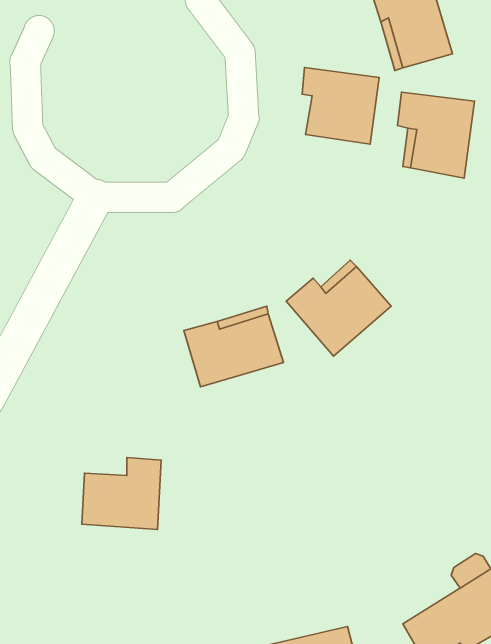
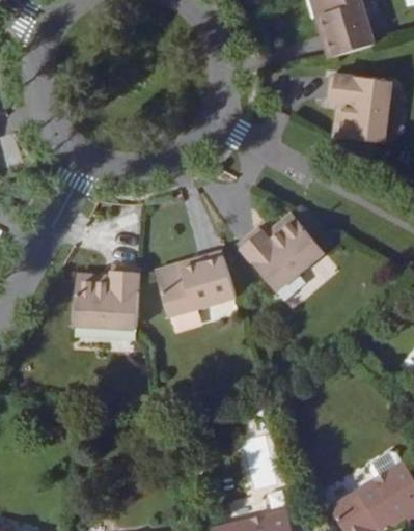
building: [302,67,379,144] -> none
building: [82,458,161,529] -> [74,270,138,328]

